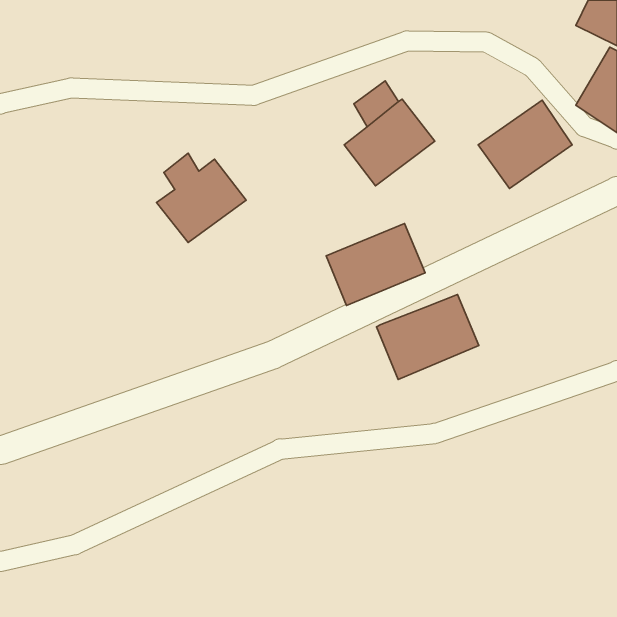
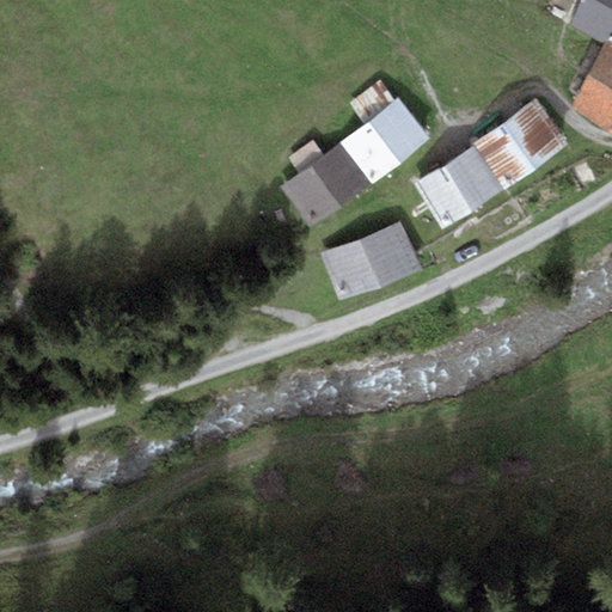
building: none -> [420,146,502,226]
building: [157,153,246,242] -> [281,139,369,227]
building: [376,294,479,380] -> none

